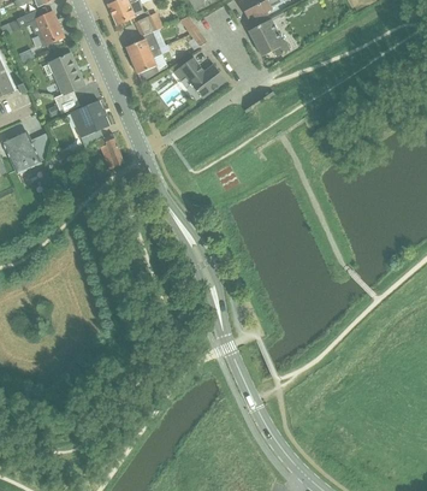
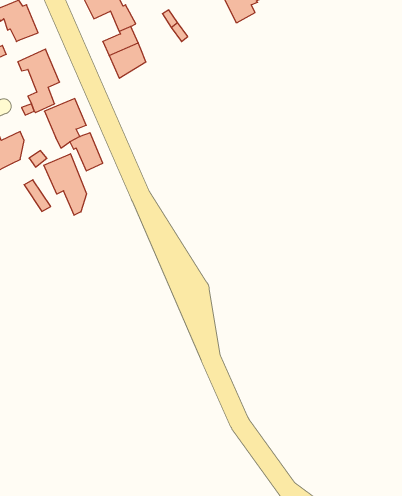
building: [247,18,289,57] -> none
building: [172,55,224,97] -> none
building: none -> [44,154,87,215]

